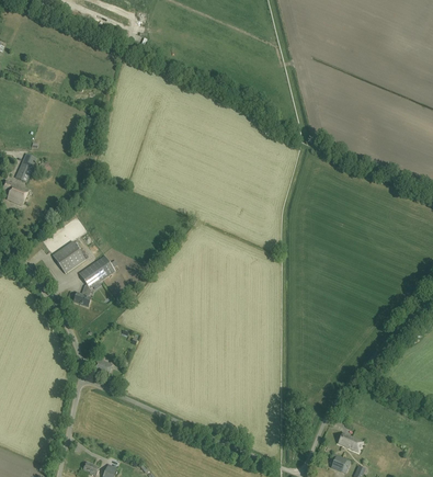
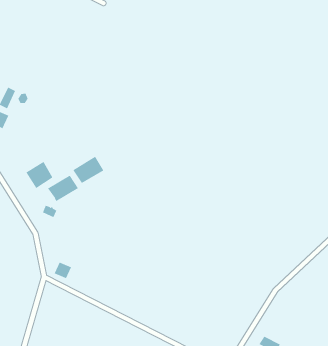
building: none -> [72,156,104,184]

